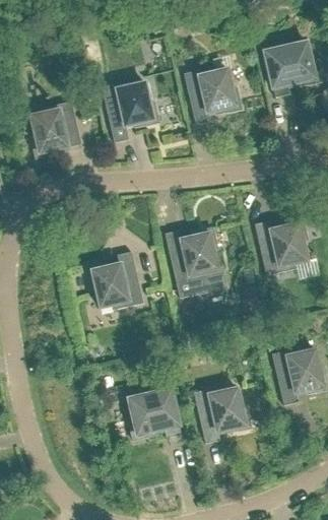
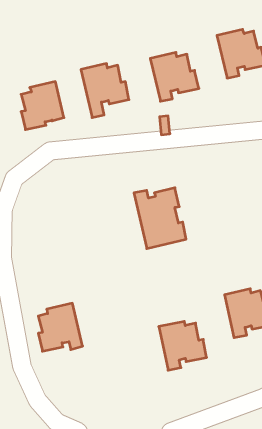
building: [256,218,309,276] -> none
building: [87,252,144,311] -> none
building: [129,384,182,441] -> [38,303,83,351]

